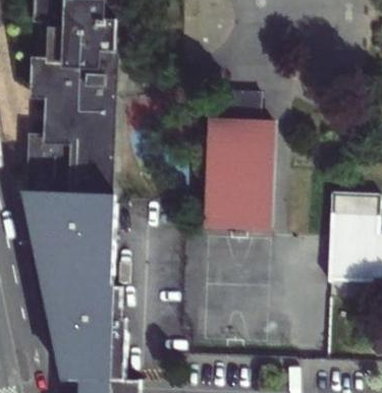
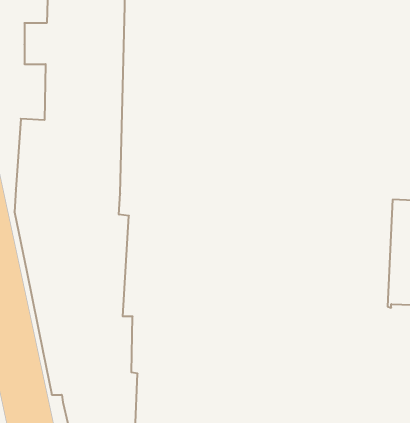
building: [207,92,273,229] -> none

